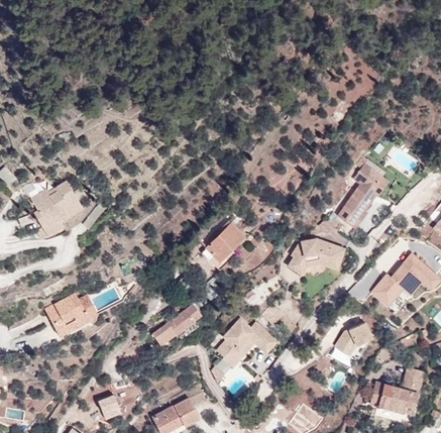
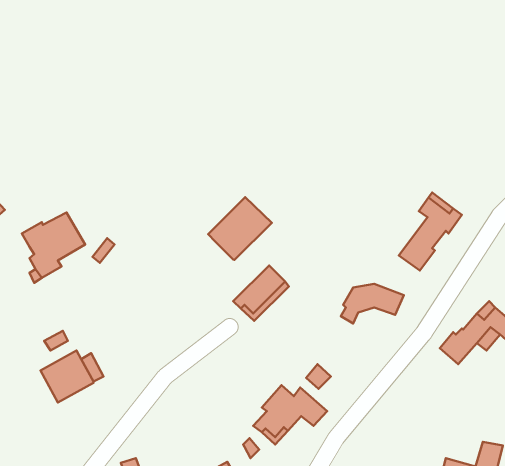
building: none -> [208,197,272,260]
building: [289,247,346,276] -> none
building: [152,303,202,344] -> none
building: [335,319,375,352] -> none

